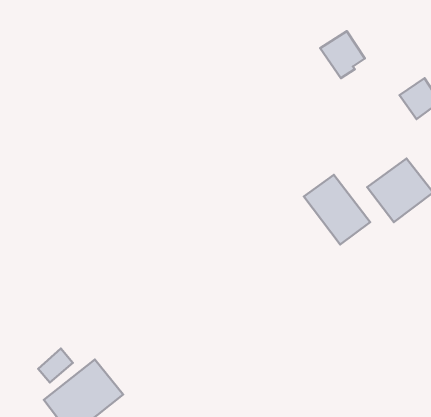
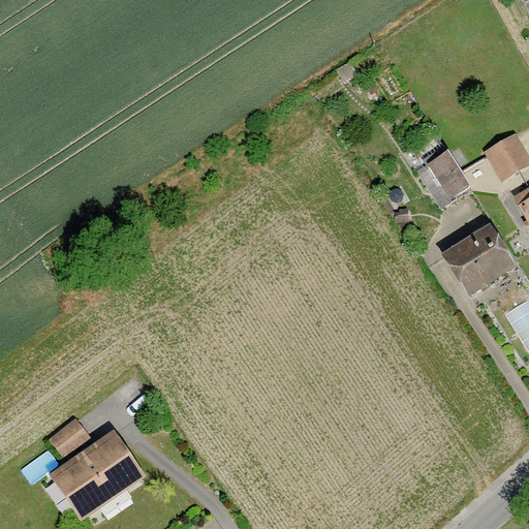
building: [320,31,365,78] -> [417,151,468,205]
building: [304,175,370,245] -> none

